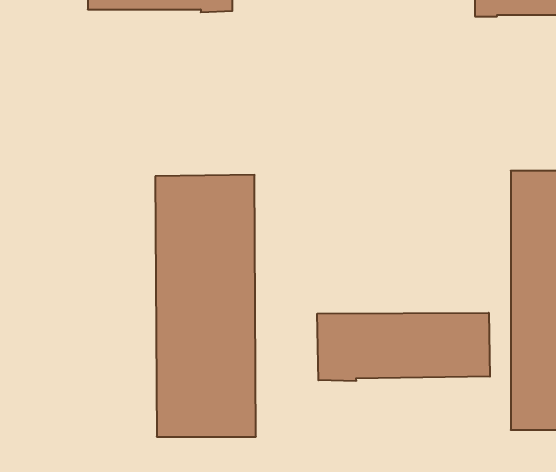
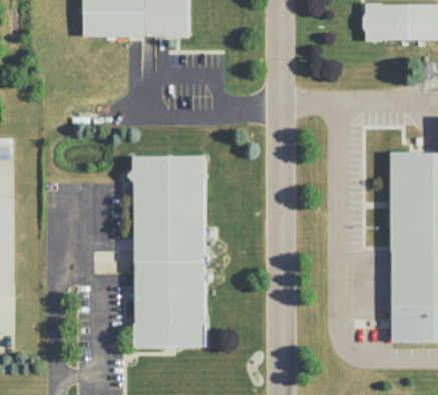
building: [317,313,490,381] -> none

